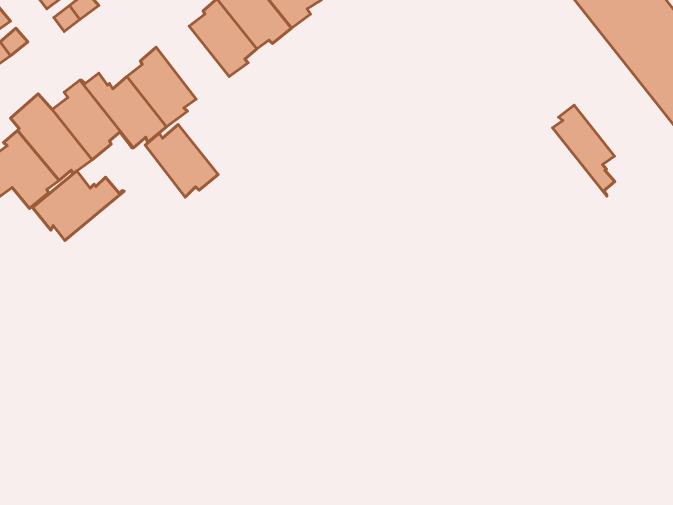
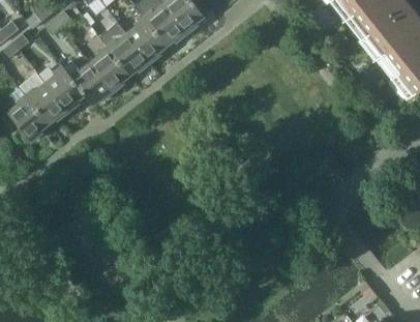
building: [553,105,615,196] -> none
building: [145,124,218,197] -> [106,32,149,76]
building: [33,171,124,240] -> none

